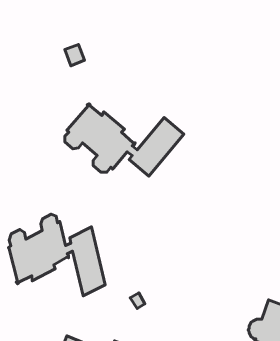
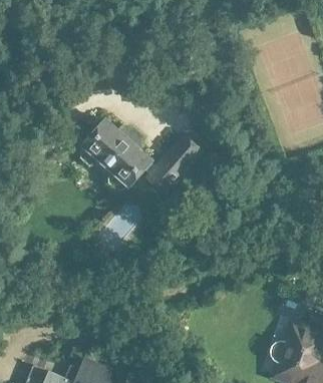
building: [9,214,105,296] -> none

